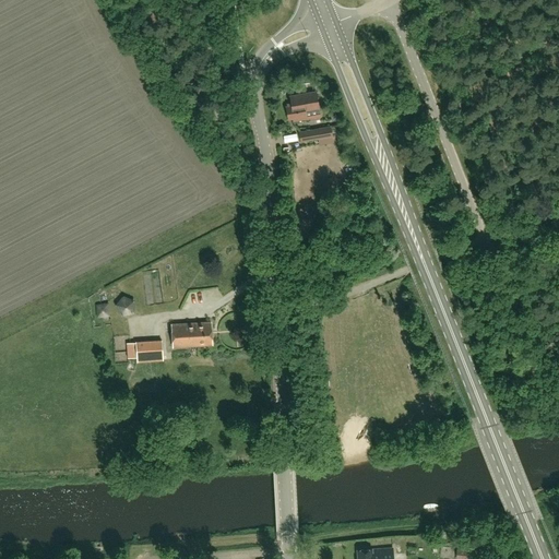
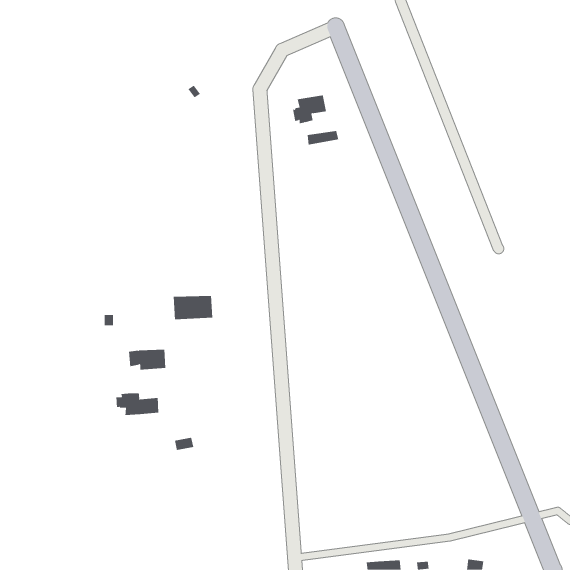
building: [173,323,212,347] -> [173,295,213,320]
building: none -> [116,393,159,416]

